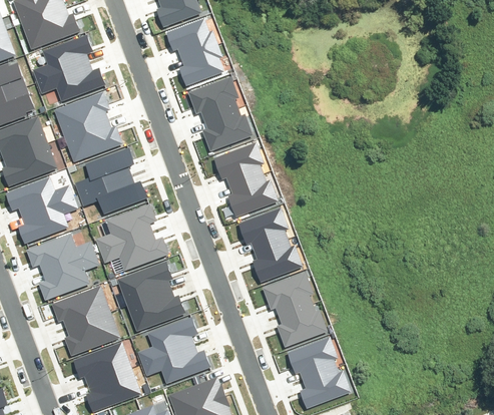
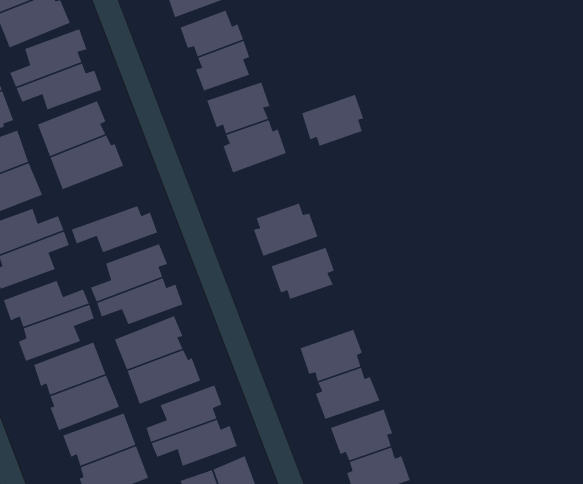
building: [212,142,263,184] -> [301,94,364,147]
building: [75,147,137,193] -> none
building: [252,238,303,280] -> none

